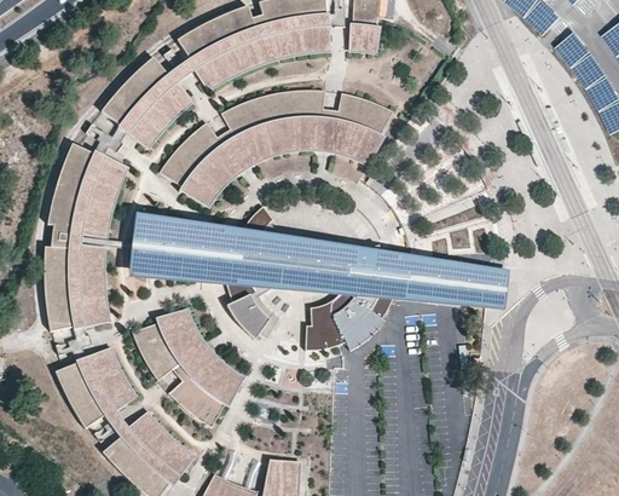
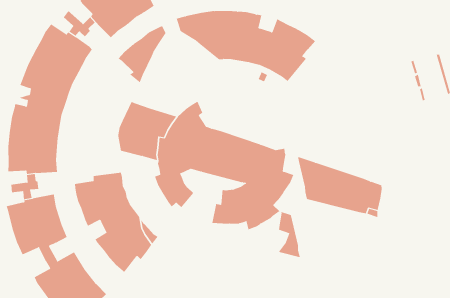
building: [192,126,282,207] -> none
building: [131,213,185,281] -> none
building: [380,250,413,302] -> [278,211,301,258]

